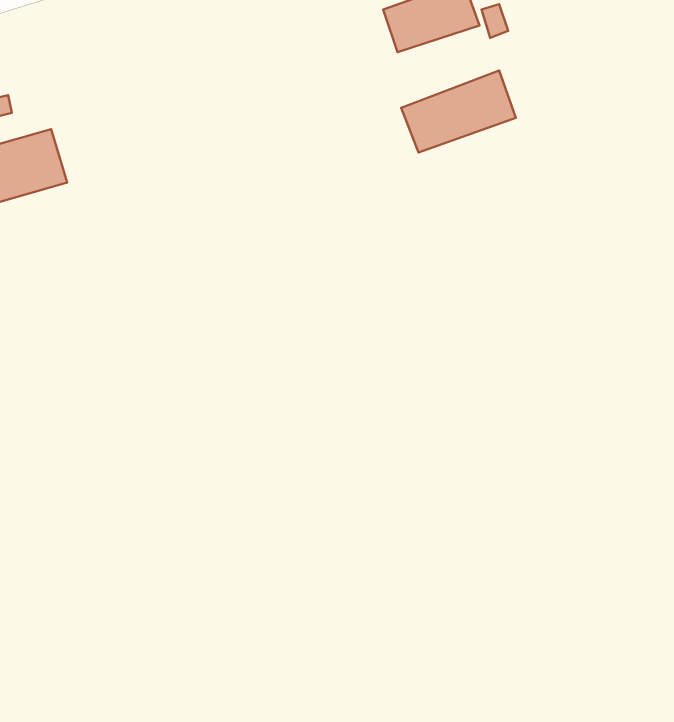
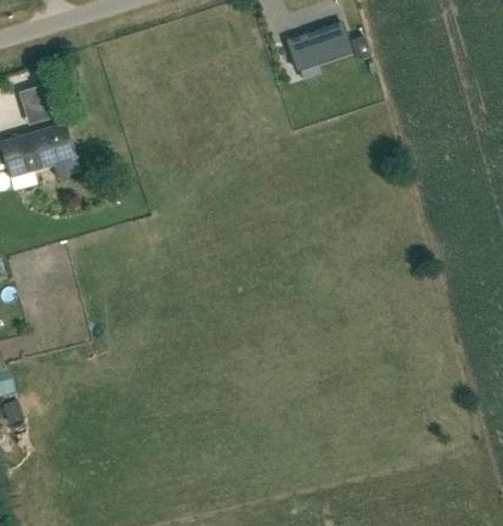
building: [401,71,516,153] -> none

